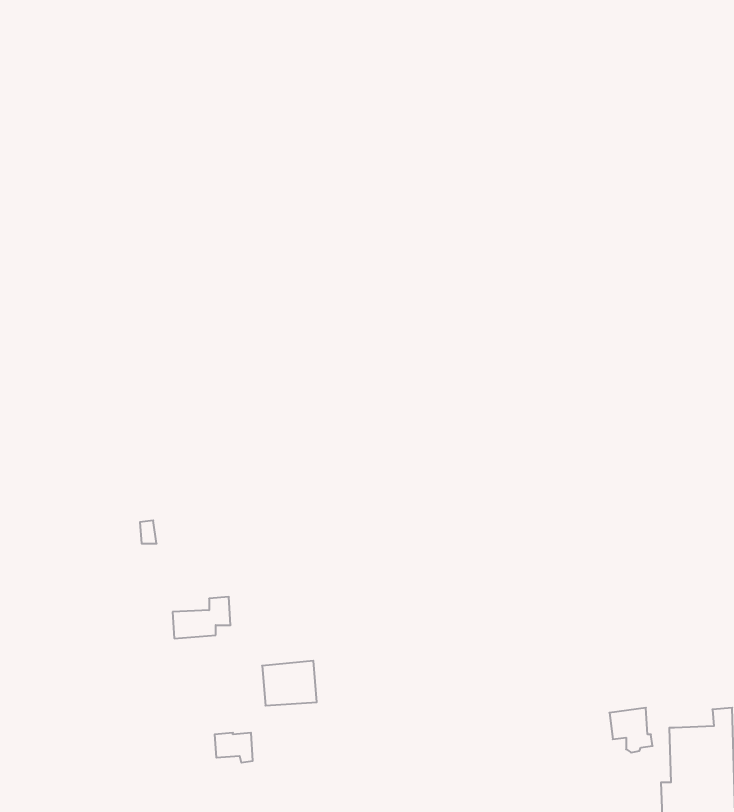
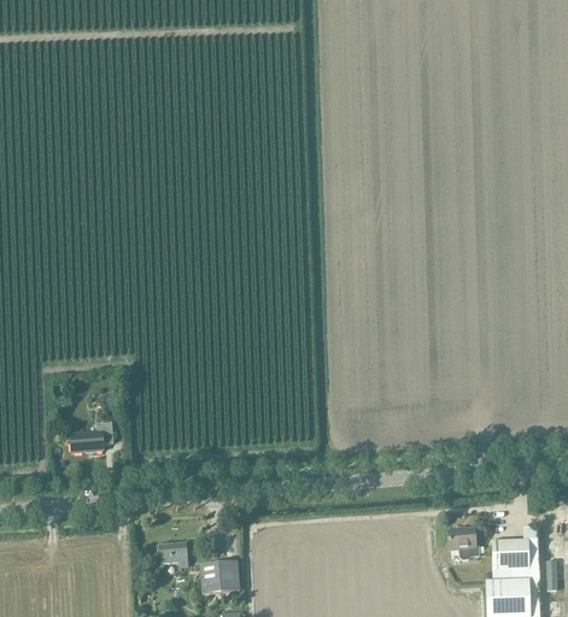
building: [173,597,231,638] -> [71,422,113,452]
building: [262,661,317,706] -> [200,560,240,593]

